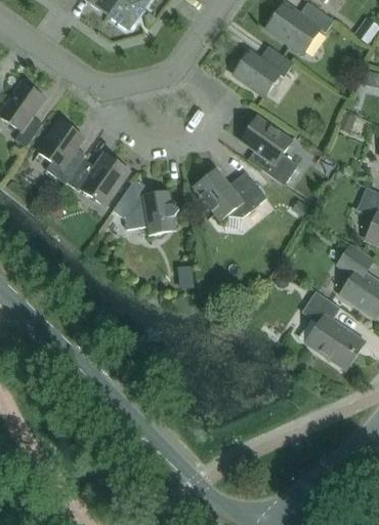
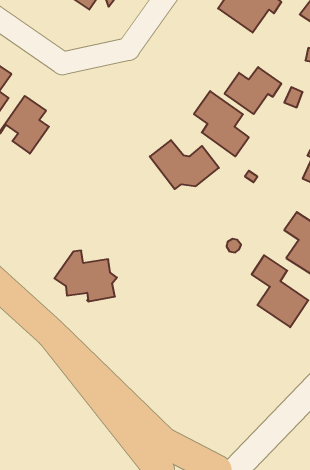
building: [234,44,294,94] -> [225,67,281,114]
building: [68,153,129,203] -> none
building: [113,179,179,234] -> [54,251,117,301]

